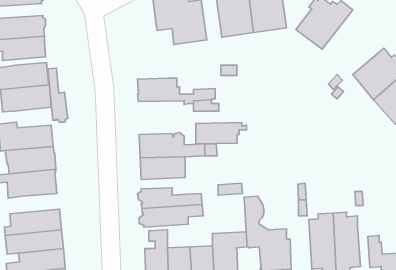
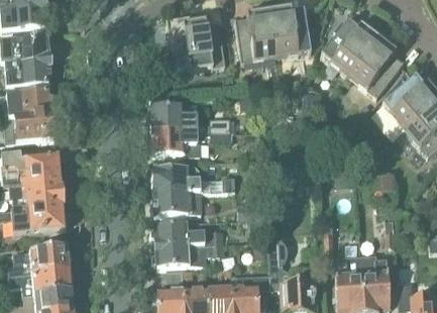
building: none -> [350,31,405,96]
building: [48,68,68,122] -> none
building: [196,122,247,144] -> [152,129,207,152]

